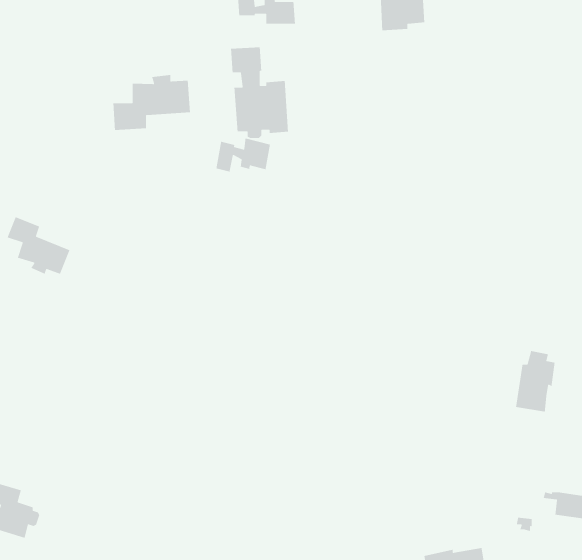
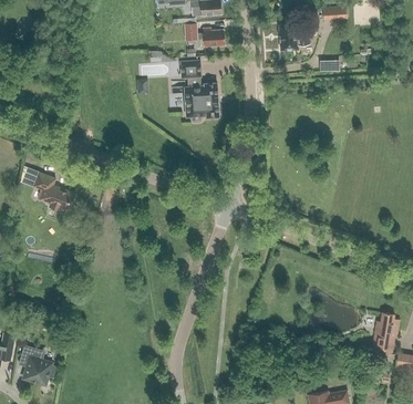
building: [113,74,191,131] -> none
building: [216,137,271,173] -> none
building: [515,350,556,412] -> [372,312,399,353]

